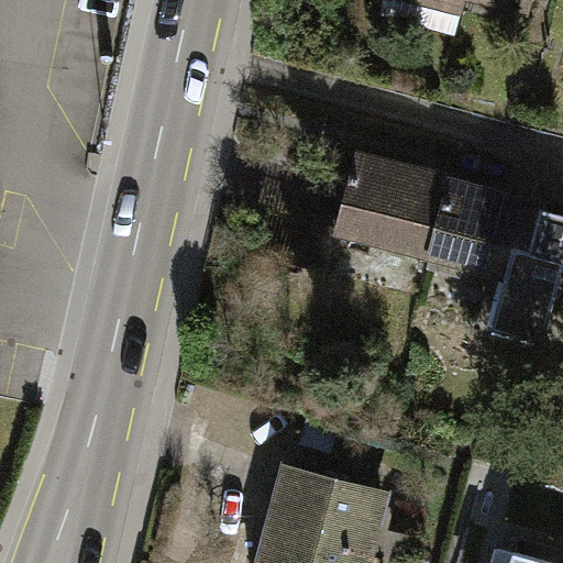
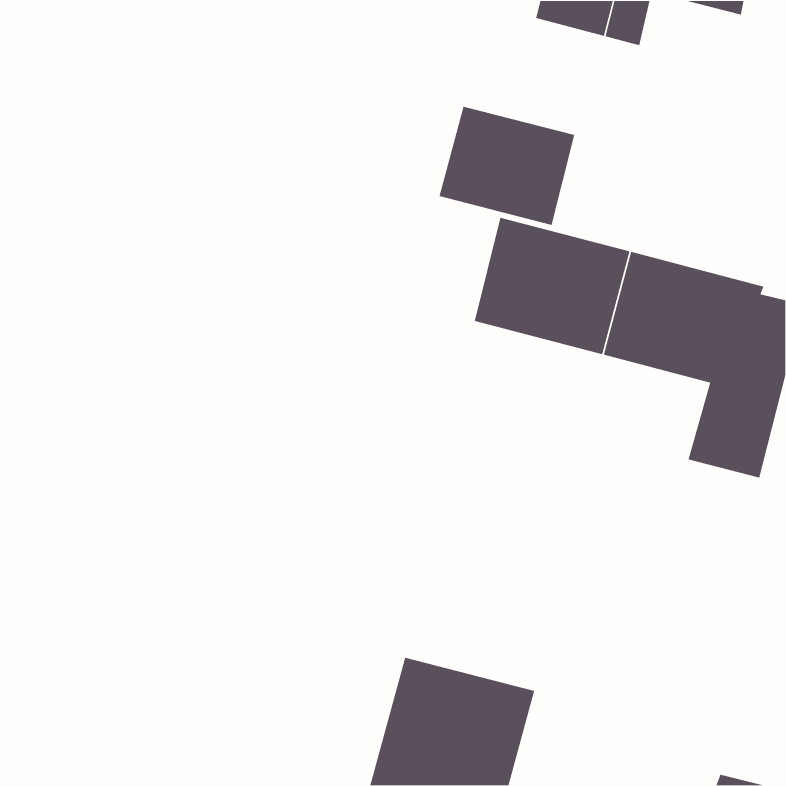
building: none -> [439,106,575,226]

